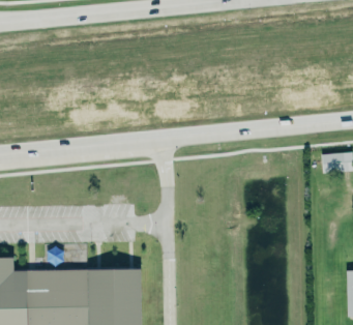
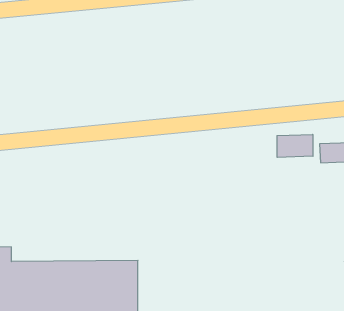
building: none -> [277,134,313,157]

